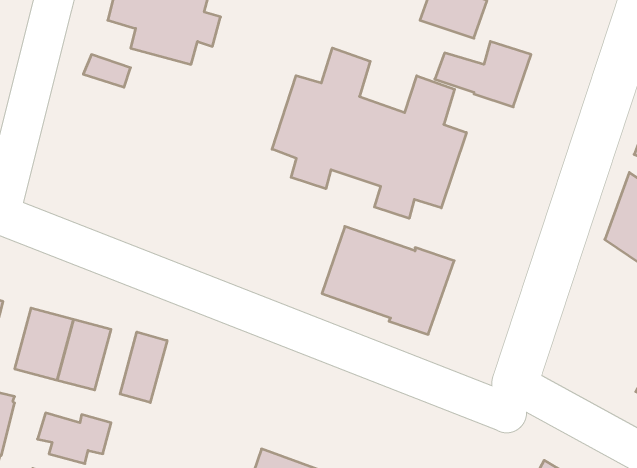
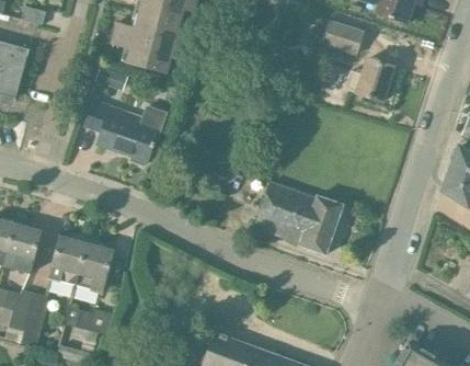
building: [272,48,466,218] -> none
building: none -> [82,99,167,165]
building: [120,332,167,403] -> none

